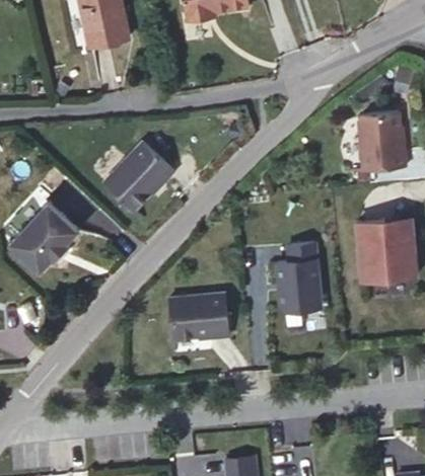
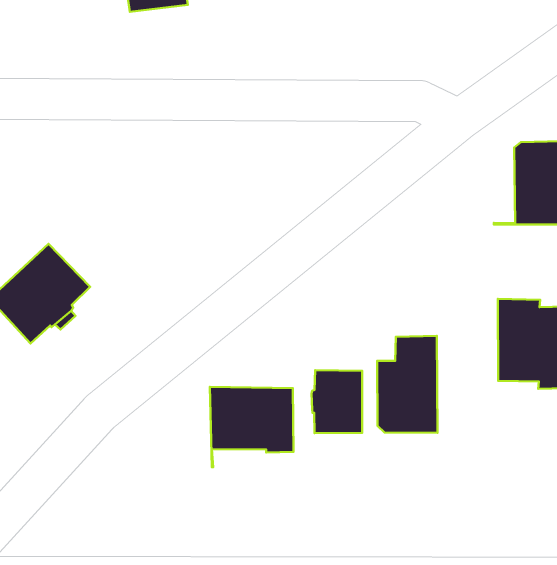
building: [105,145,174,214] -> none
building: none -> [311,370,362,433]

